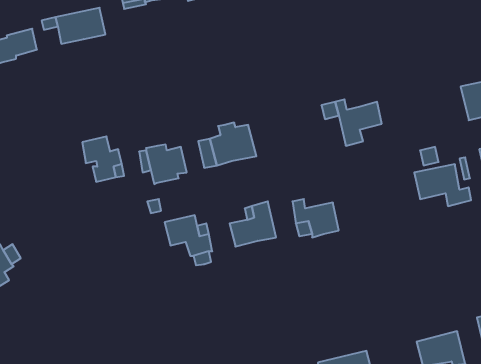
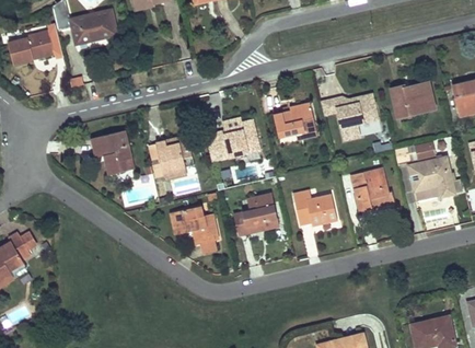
building: none -> [391,82,435,117]
building: none -> [273,103,317,138]
building: none -> [351,170,393,208]

